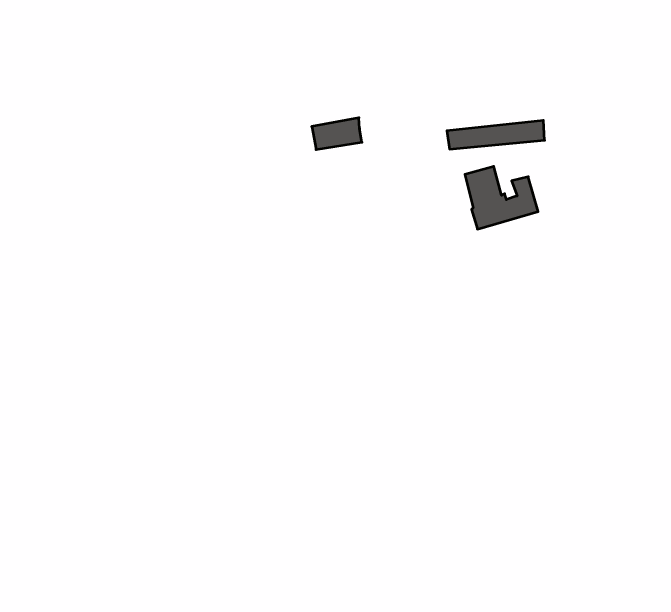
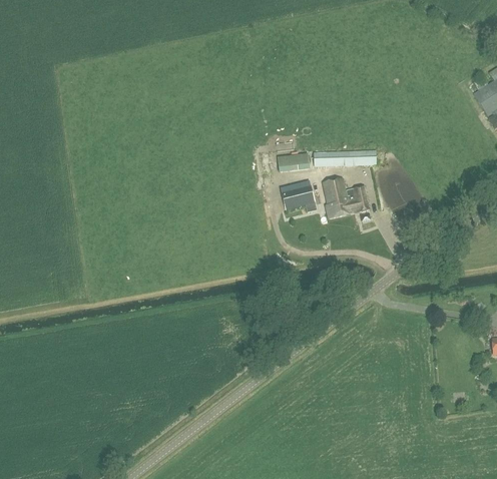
building: [312,118,362,150] -> [278,151,310,170]
building: none -> [291,185,318,211]

